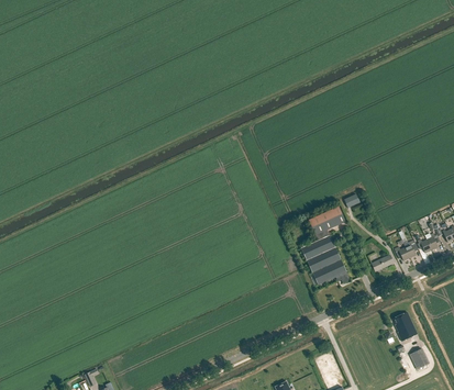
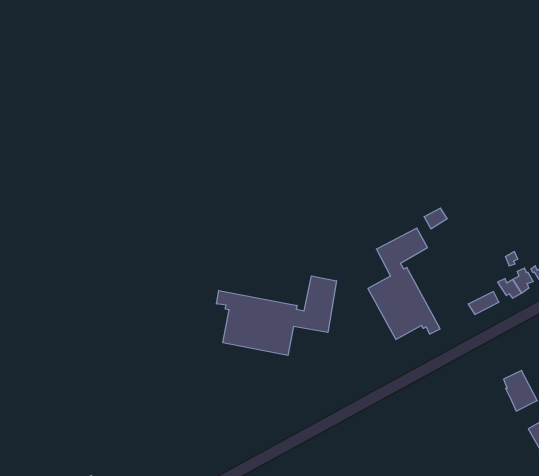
building: none -> [217,276,336,355]

